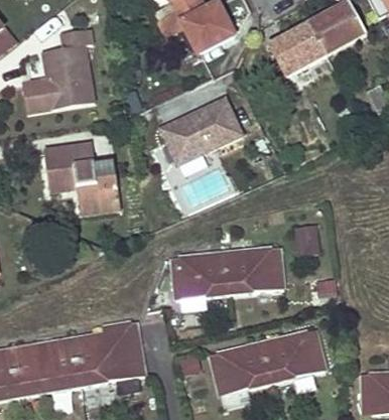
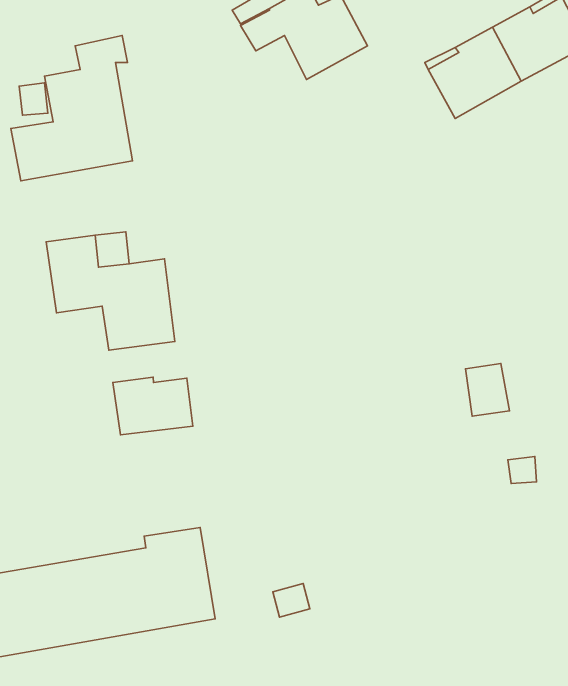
building: [160,98,242,164] -> none
building: none -> [113,377,193,435]
building: [171,246,283,298] -> none
building: [210,328,325,395] -> none

